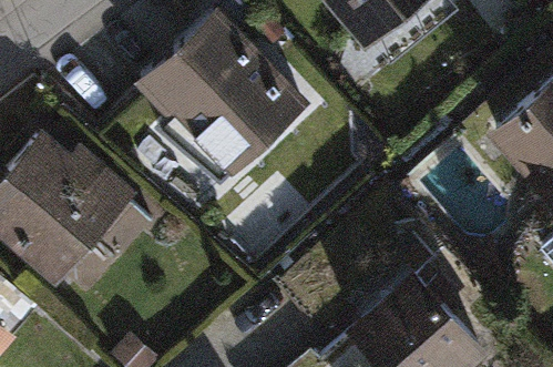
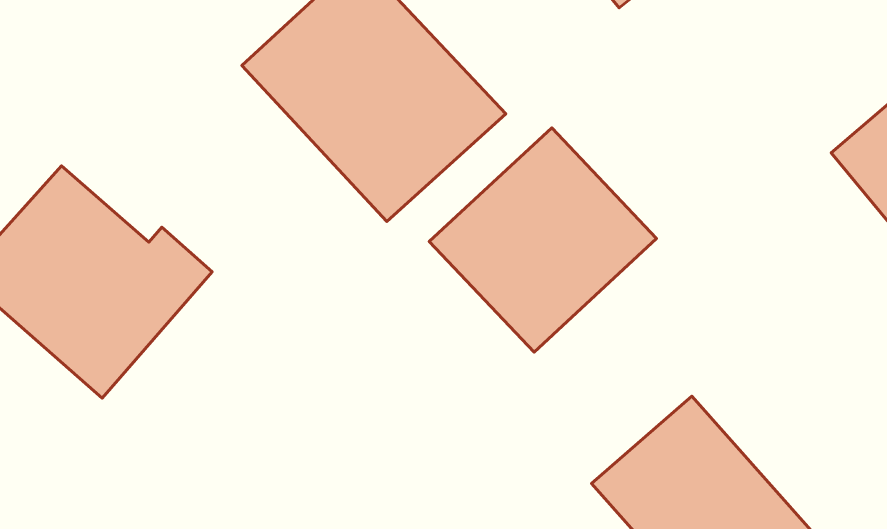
building: none -> [429,128,656,352]

